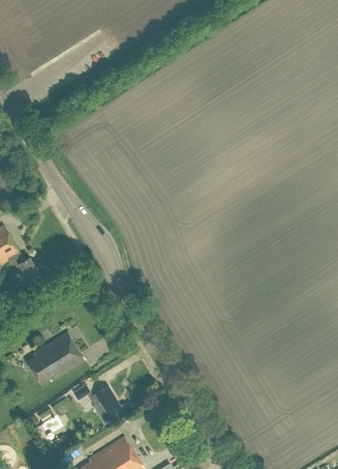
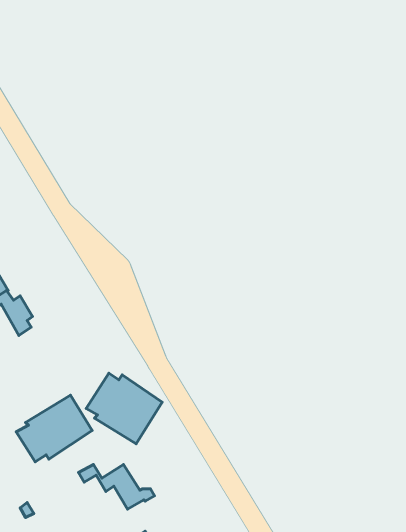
building: none -> [86,373,162,444]

